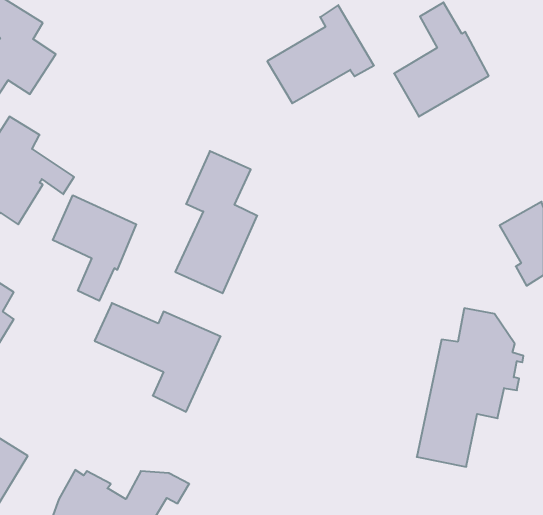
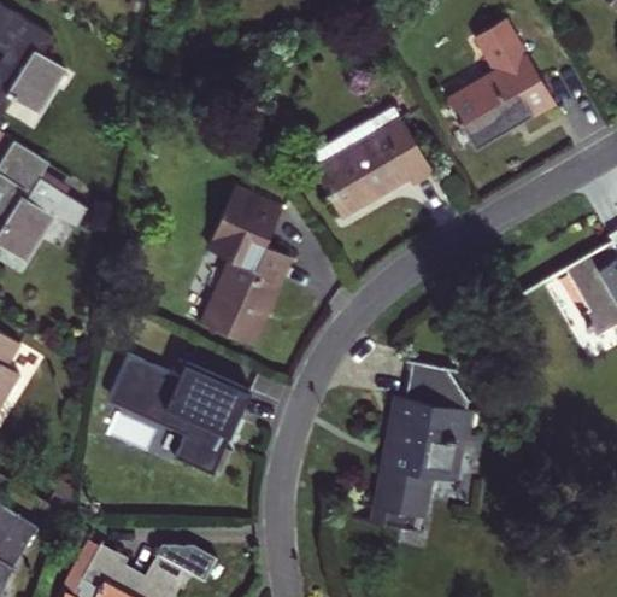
building: [267,5,374,103] -> [312,106,431,216]
building: [53,195,136,301] -> none
building: [417,308,523,467] -> [365,358,484,535]

